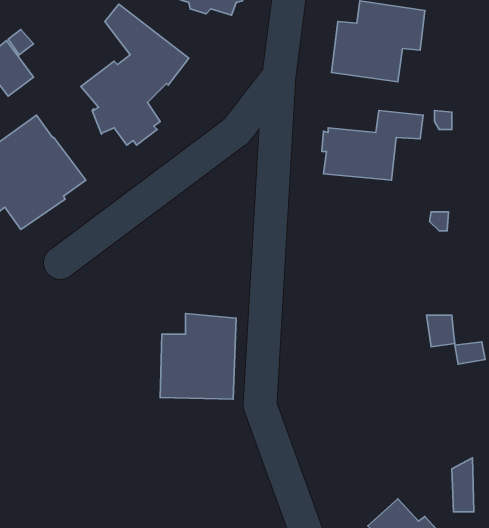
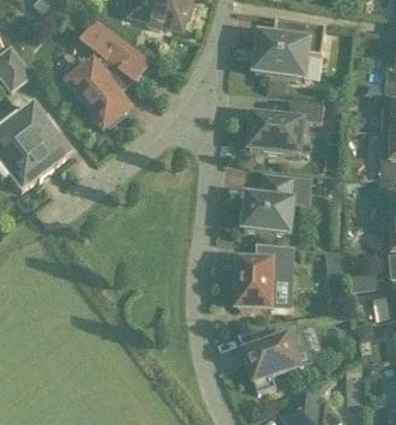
building: none -> [240,174,312,233]
building: [160,314,236,399] -> [236,243,294,307]
building: none -> [242,319,305,391]

